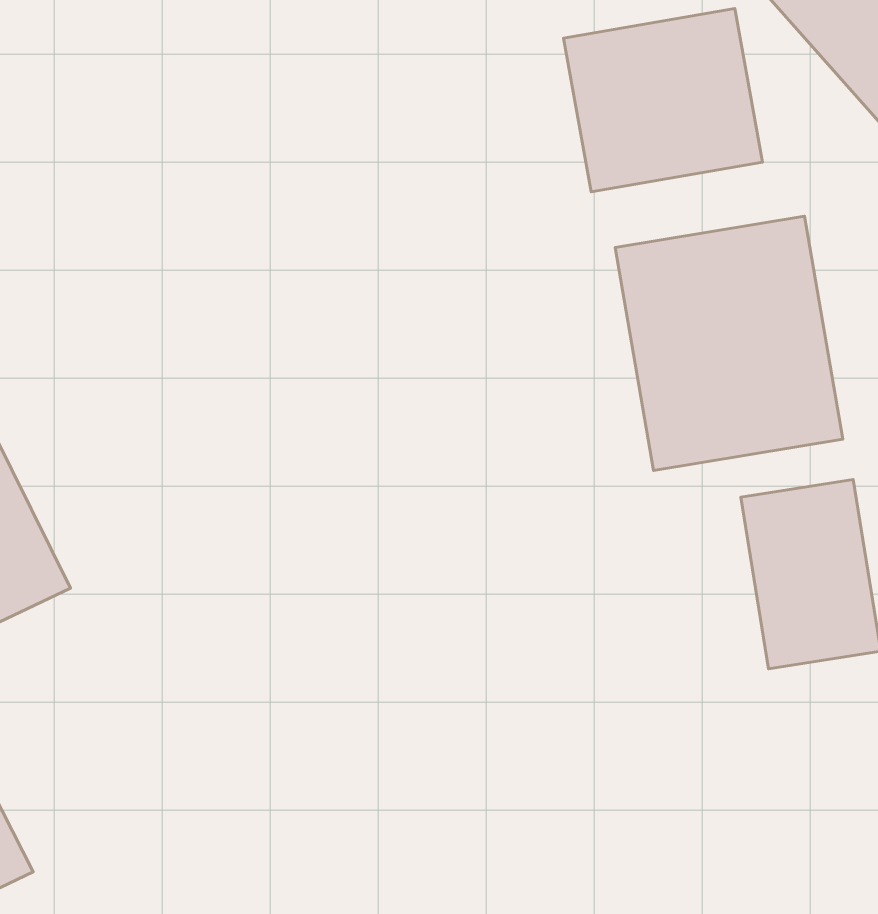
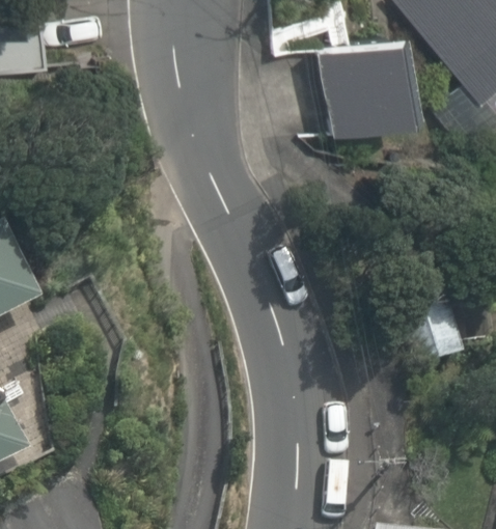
building: [615,216,843,470] -> none

